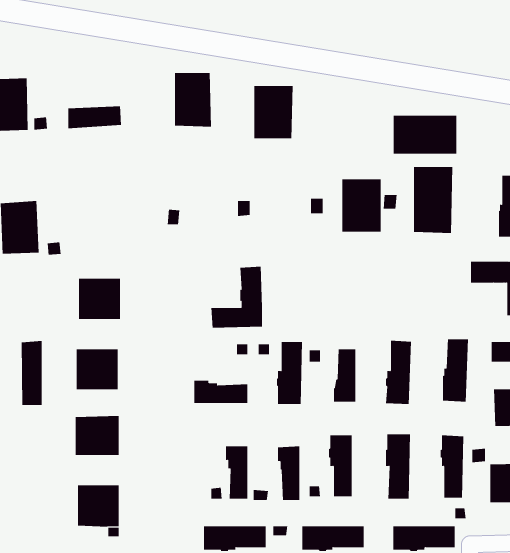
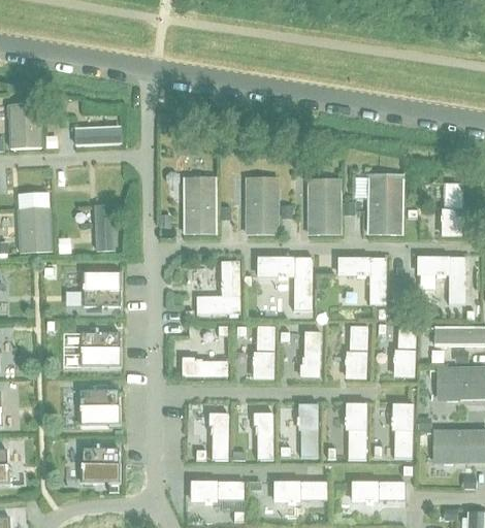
building: [174,72,212,127] -> [184,186,216,232]
building: [253,85,294,139] -> [245,187,279,232]
building: [393,115,457,155] -> none
building: none -> [94,202,114,249]
building: none -> [257,257,312,310]
building: none -> [337,258,386,304]
building: [21,340,42,406] -> none

